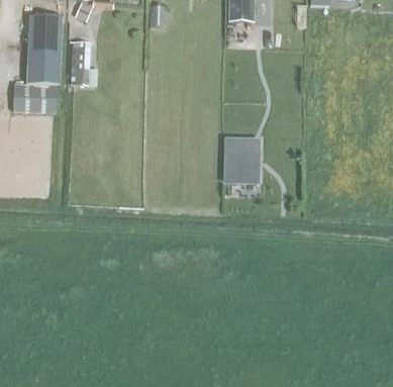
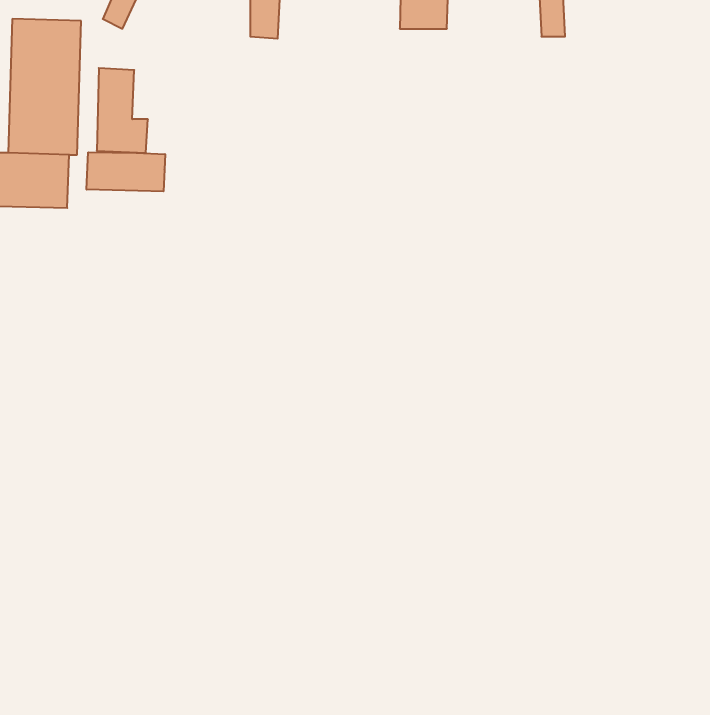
building: none -> [87,152,165,191]
building: [223,137,261,184] -> none

